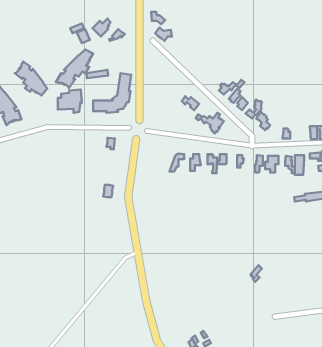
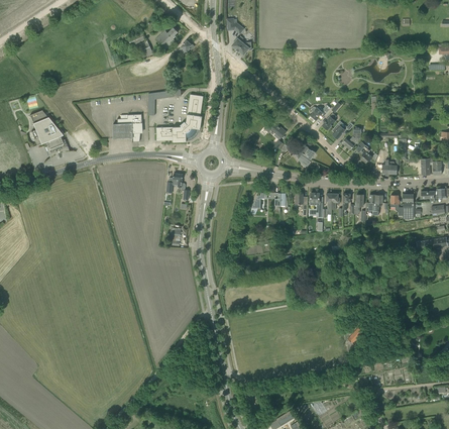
building: [56,49,93,88] -> none
building: [15,62,47,96] -> none

